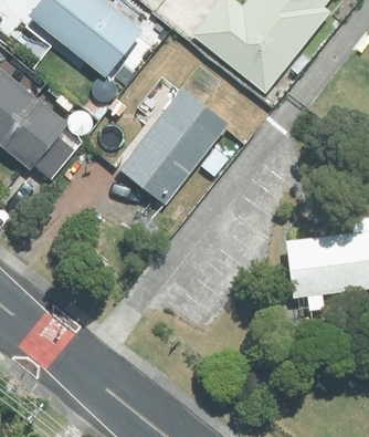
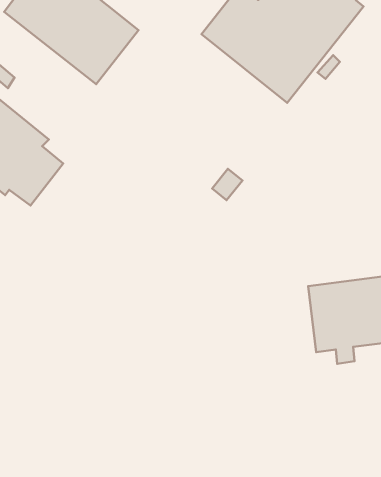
building: [122,87,228,202] -> none

